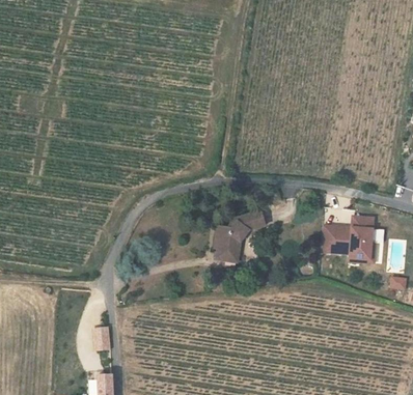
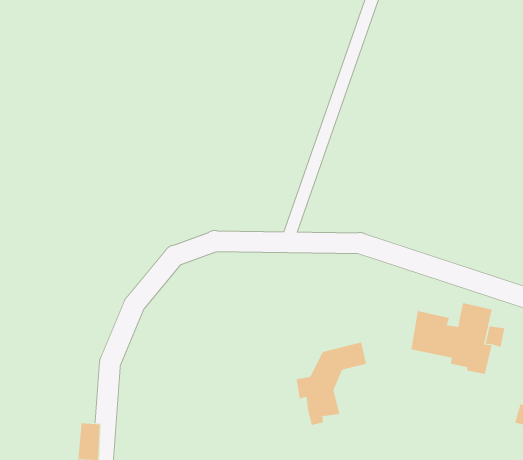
building: [214,207,260,269] -> [296,342,367,426]

